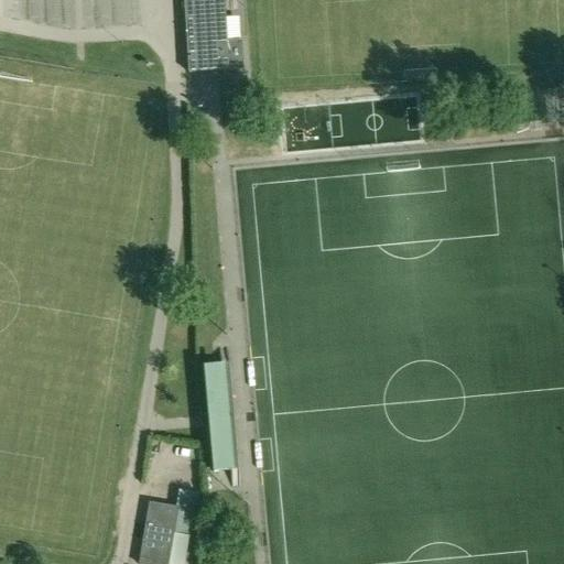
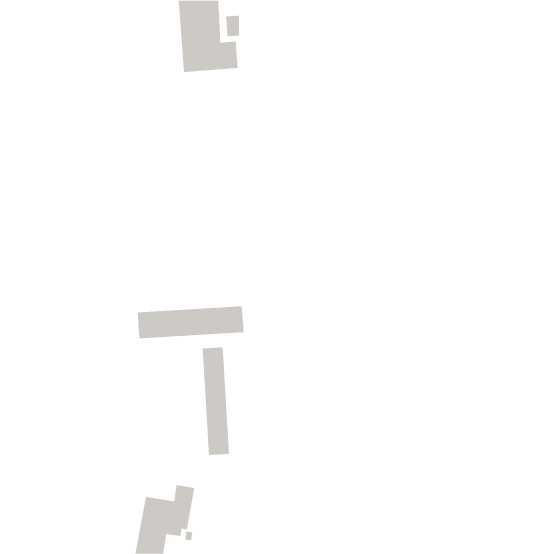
building: none -> [137,305,244,339]

